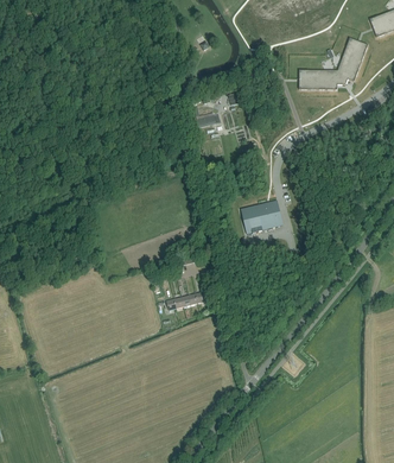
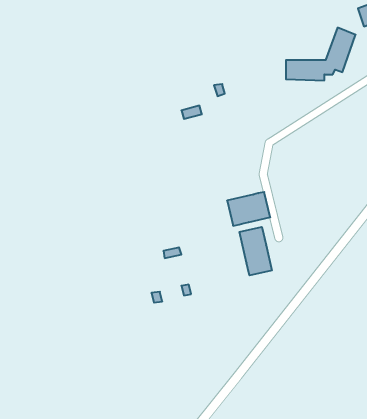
building: none -> [239,227,272,275]

